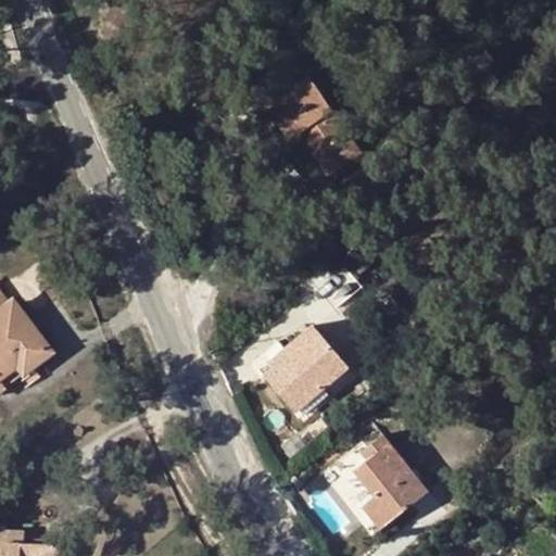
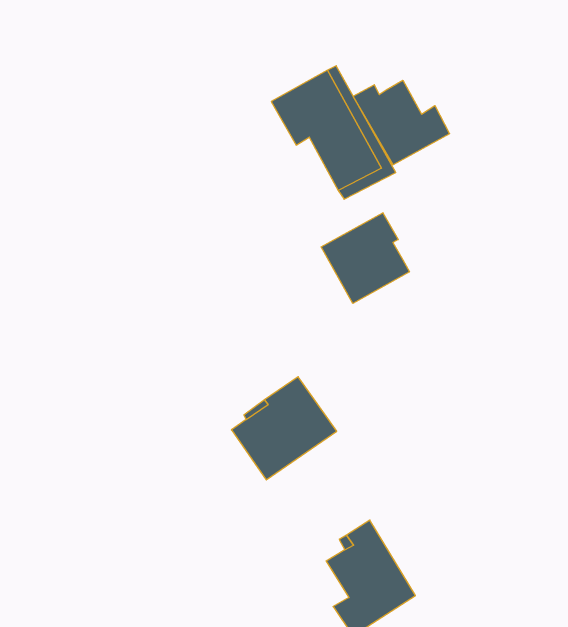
building: none -> [353,80,450,165]
building: none -> [321,213,409,303]

